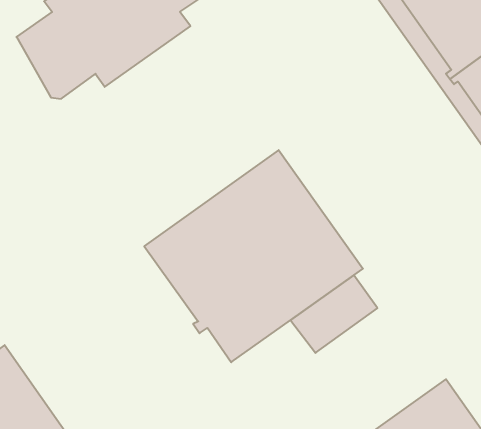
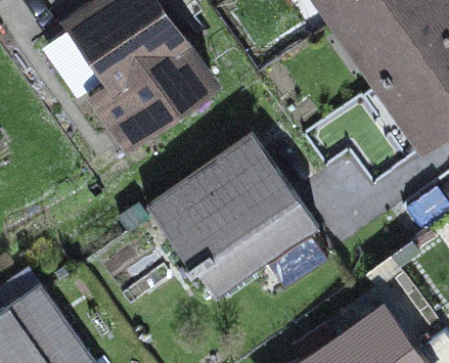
building: none -> [95,35,213,139]

